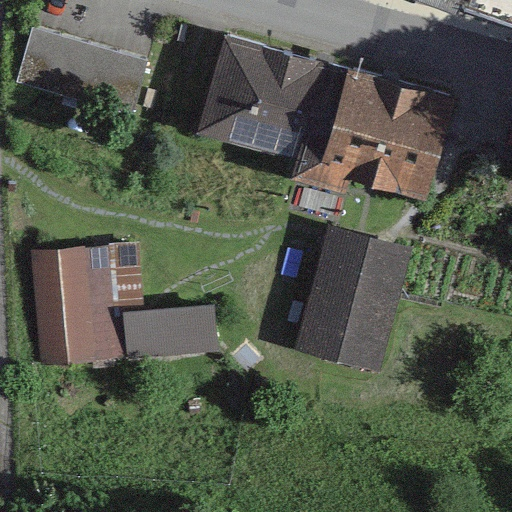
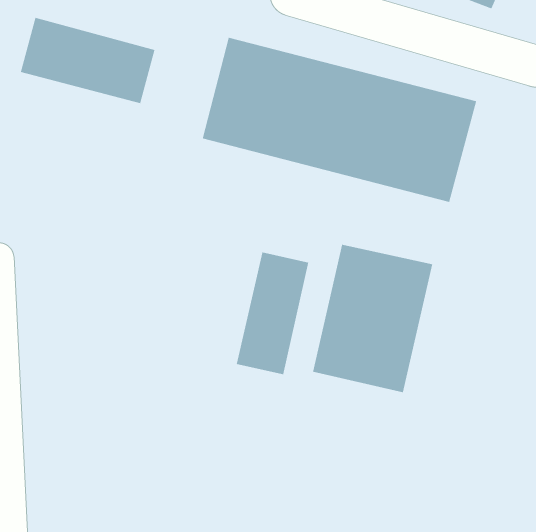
building: none -> [236,252,309,375]
building: [33,246,216,366] -> none

